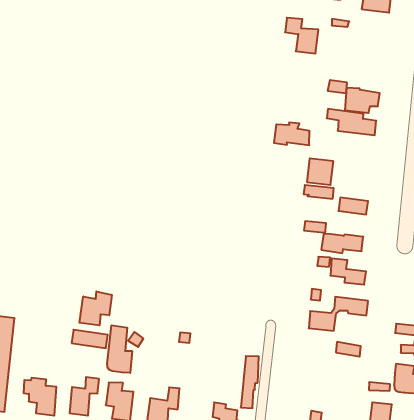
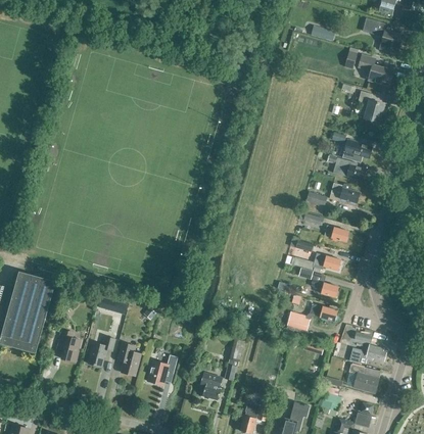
building: [285,18,318,53] -> [358,91,384,123]
building: [274,123,310,145] -> [329,184,359,204]
building: [79,291,112,325] -> none
building: [107,325,132,373] -> none

